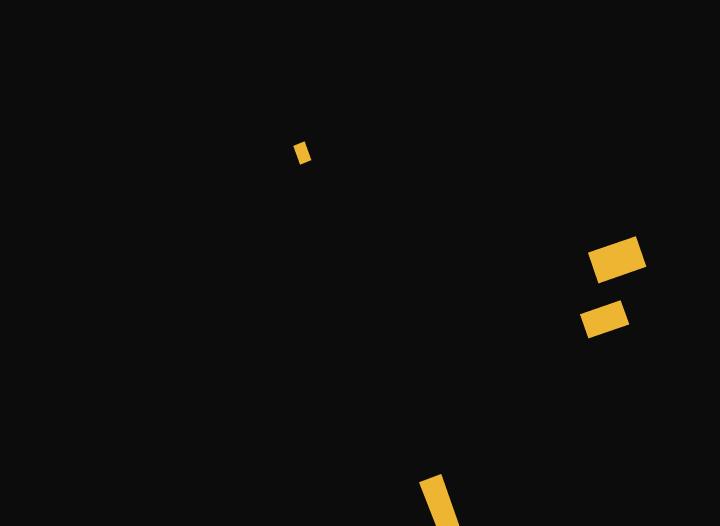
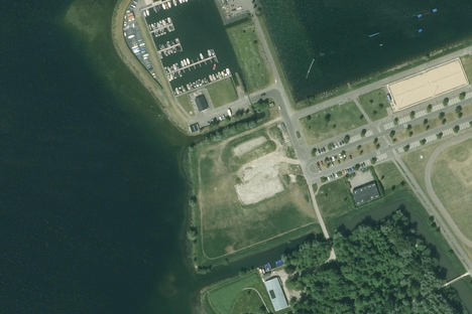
building: [587,235,647,284] -> none

